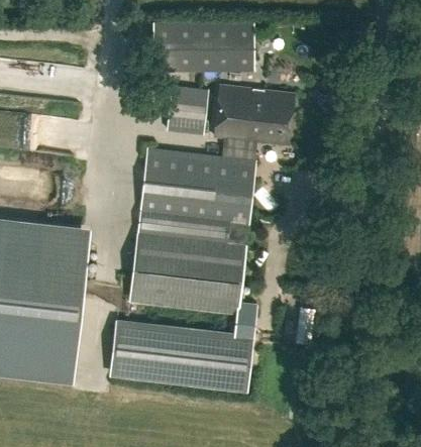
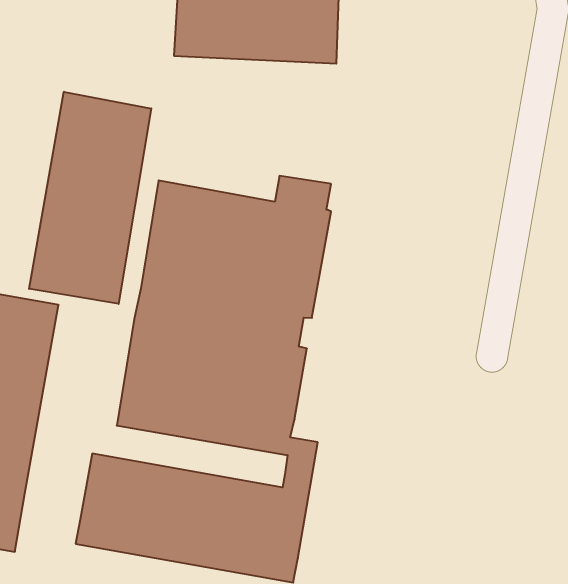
building: [166,87,294,147] -> none
building: none -> [29,92,151,304]

